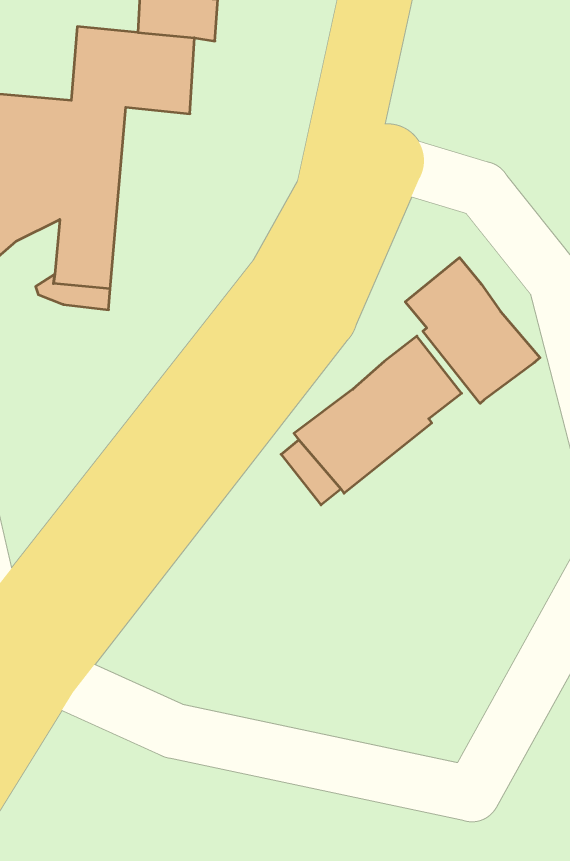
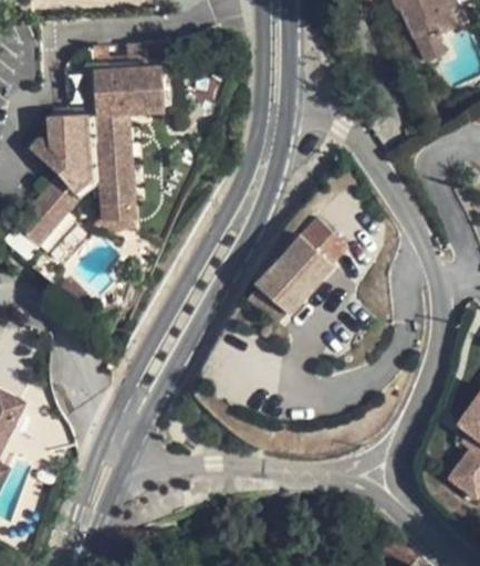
building: [405,258,540,403] -> none

